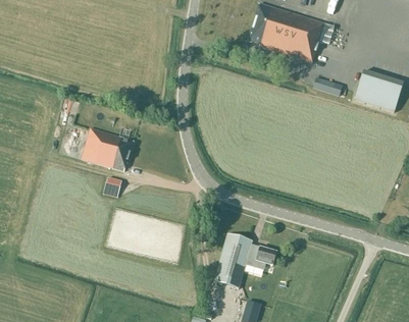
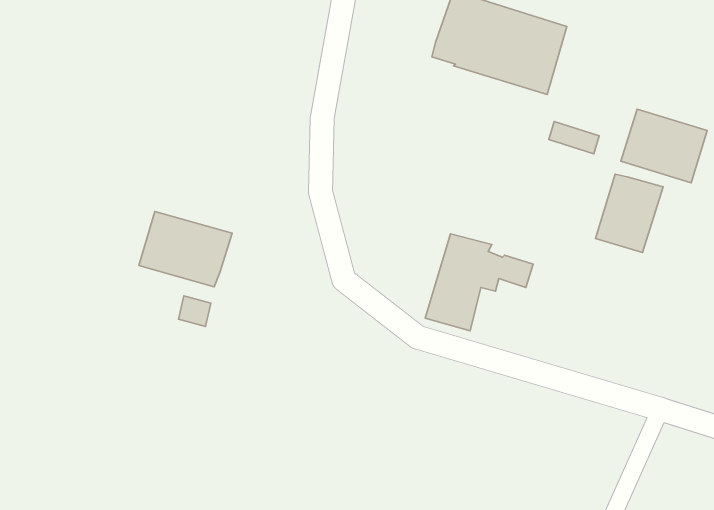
building: none -> [595,174,663,252]
building: [214,234,275,289] -> [425,234,533,331]

